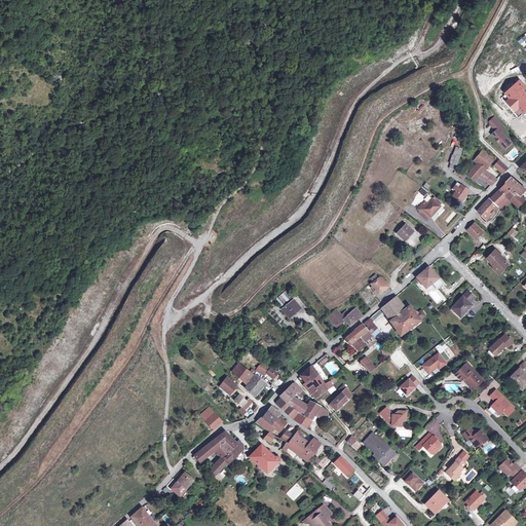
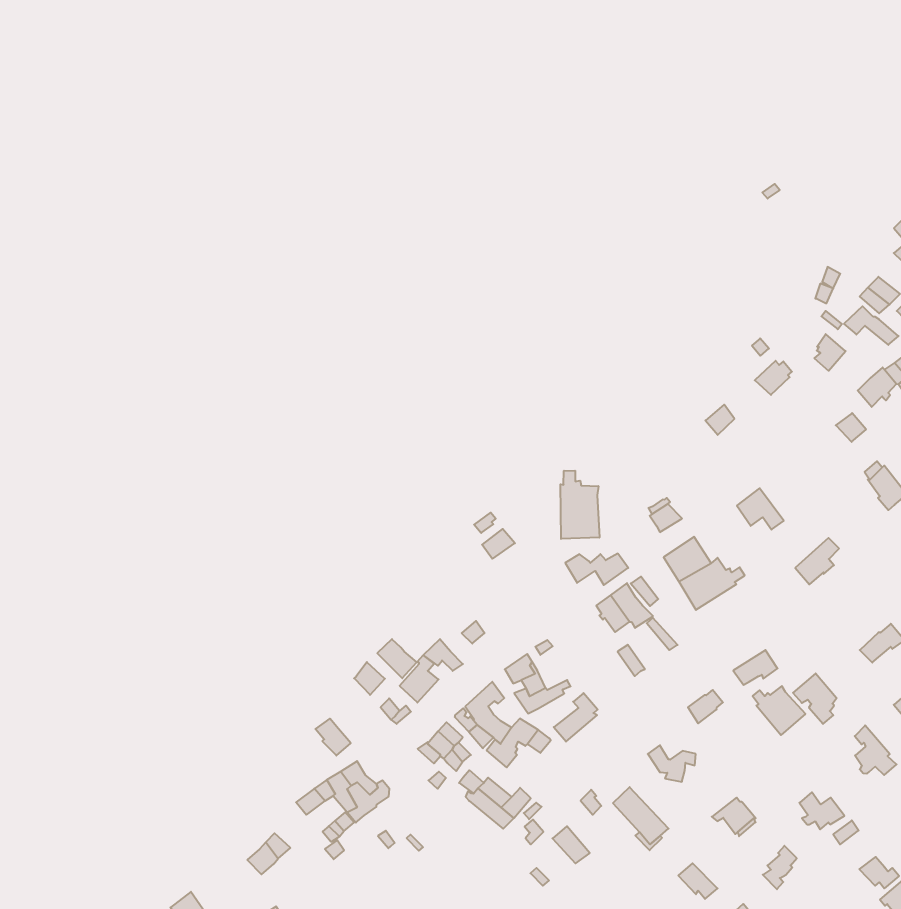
building: none -> [560,471,599,539]
building: none -> [753,686,805,735]
building: [251,446,280,473] -> none

